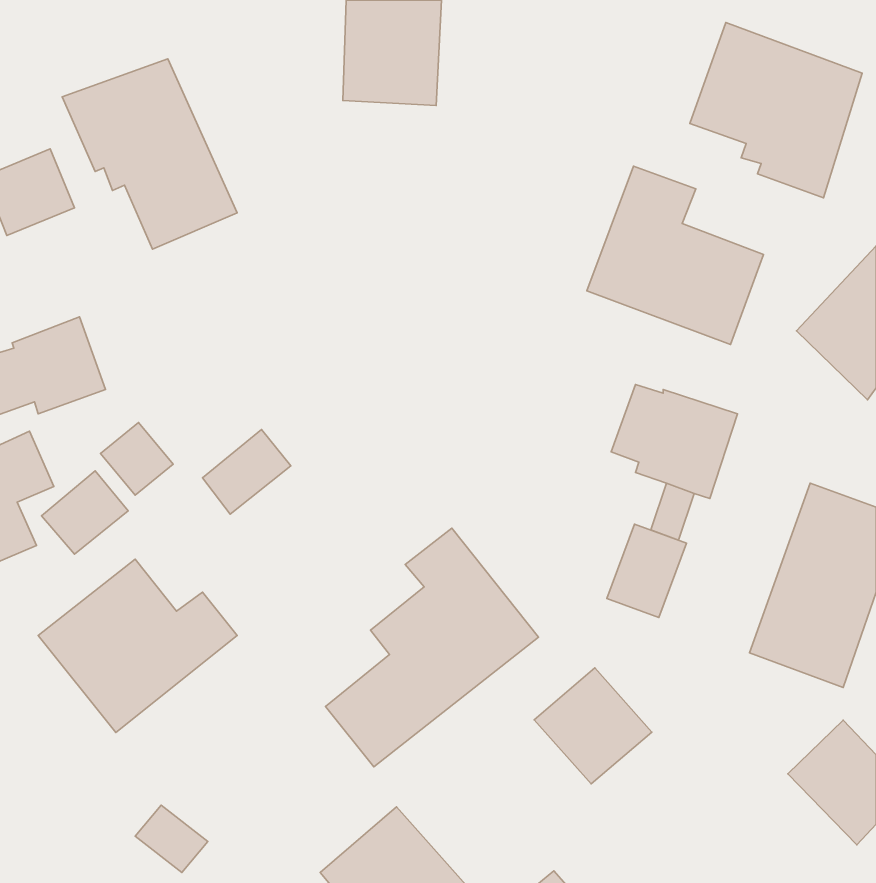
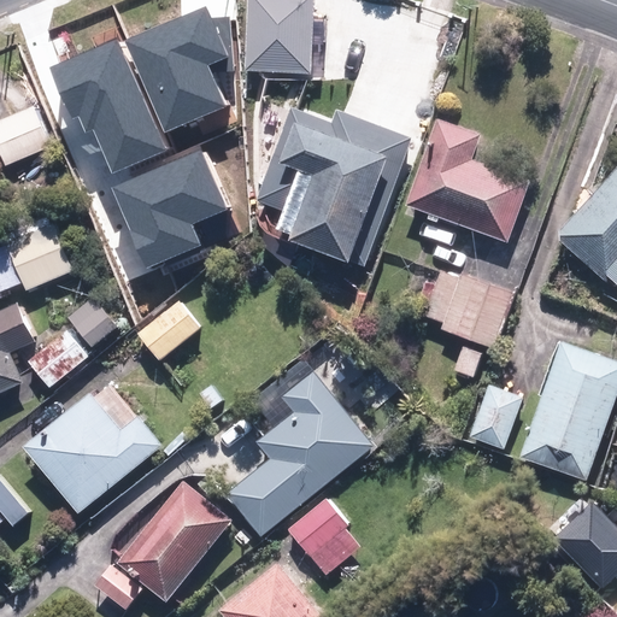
building: none -> [122,7,225,130]
building: [690,22,862,198] -> none
building: none -> [252,108,405,268]
building: none -> [107,149,227,270]
building: [607,524,686,618] -> [469,382,524,447]
building: [534,668,652,784] -> [284,494,366,575]
building: none -> [121,478,234,599]

